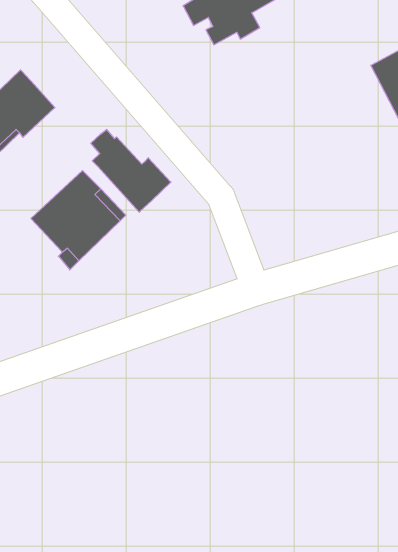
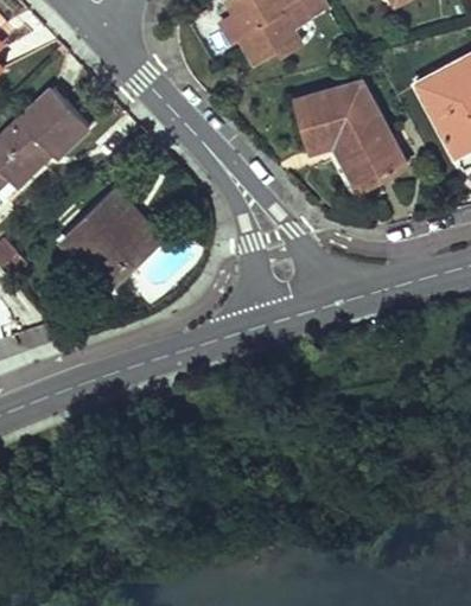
building: none -> [295,82,405,191]
building: [91,129,171,212] -> none

